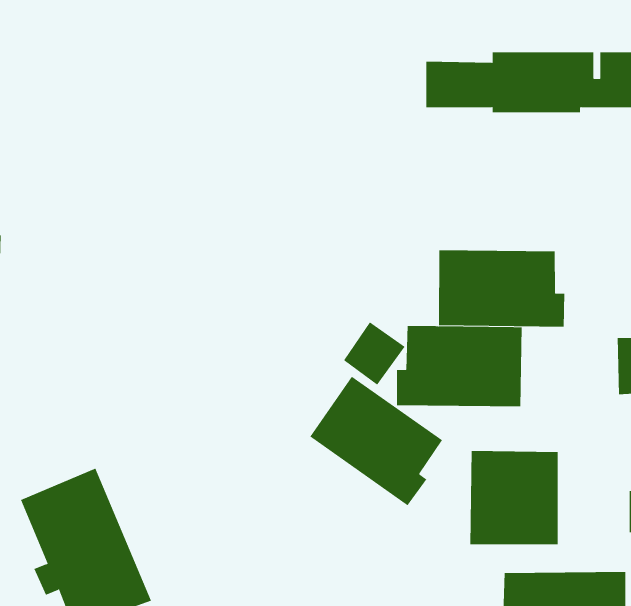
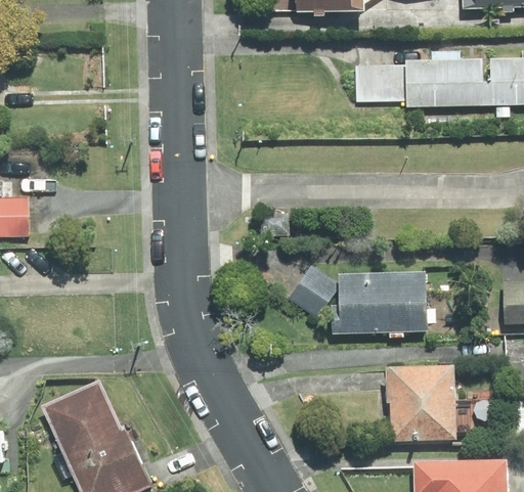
building: [438,250,565,327] -> none
building: [309,376,443,506] -> none

